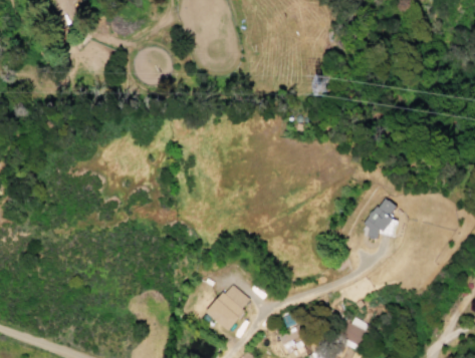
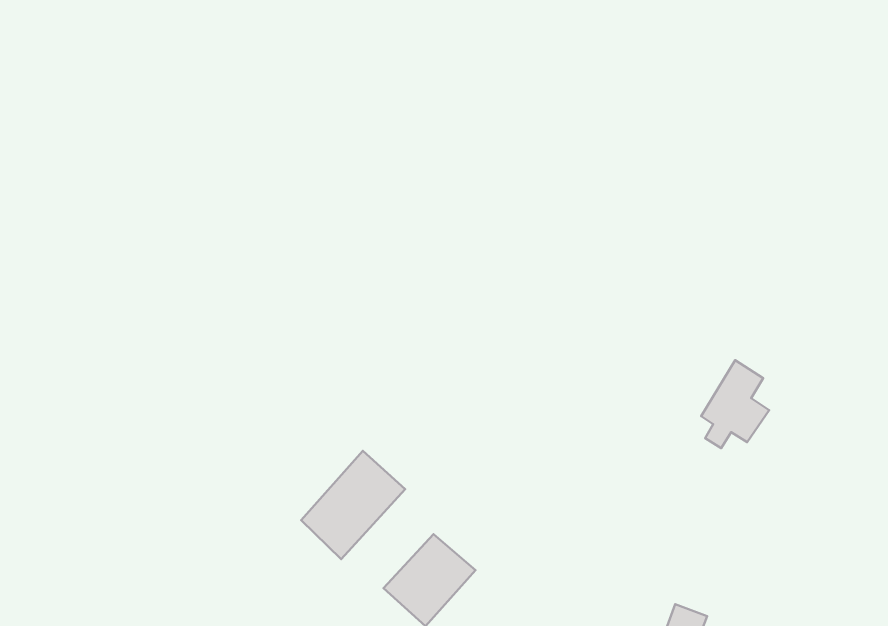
building: none -> [301,451,405,559]

